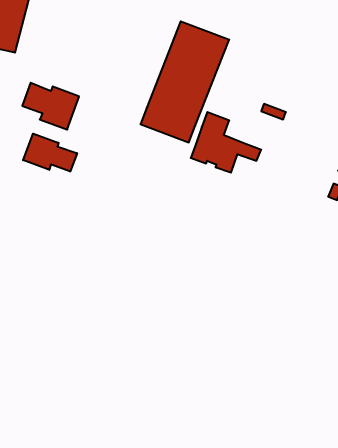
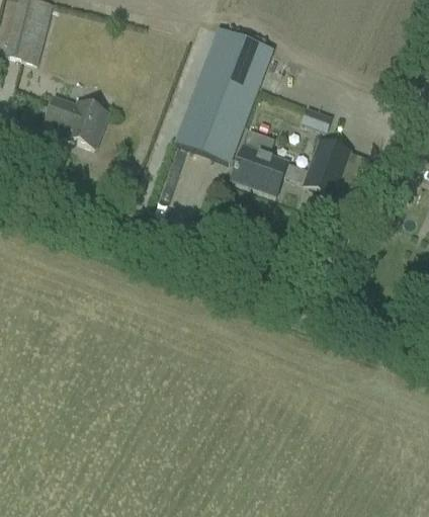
building: none -> [303,139,350,194]
building: [23,134,77,172] -> none

